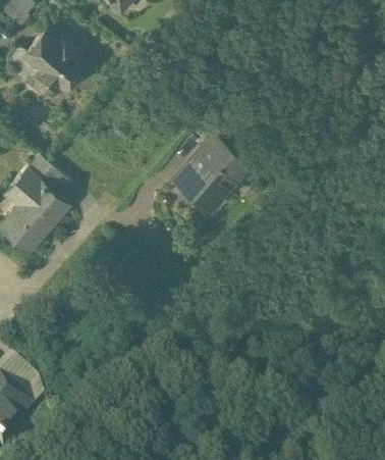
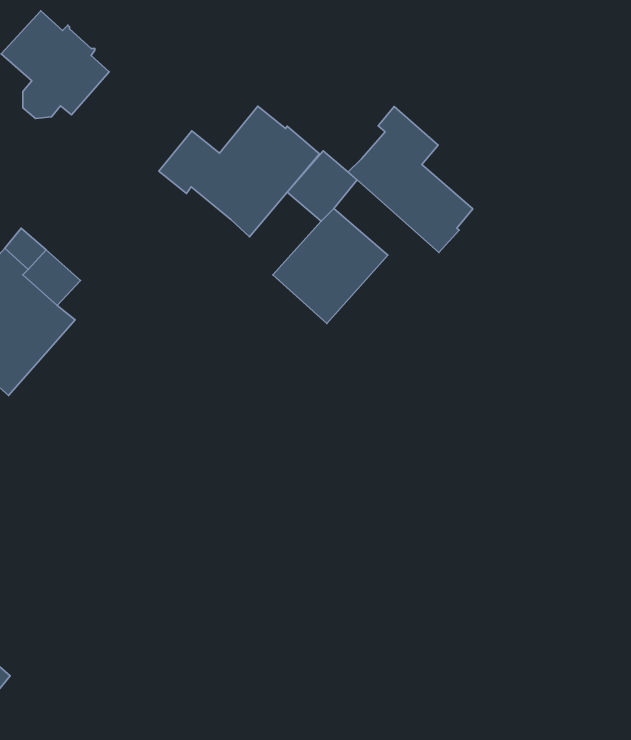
building: none -> [159,106,320,237]
building: none -> [348,107,473,253]

